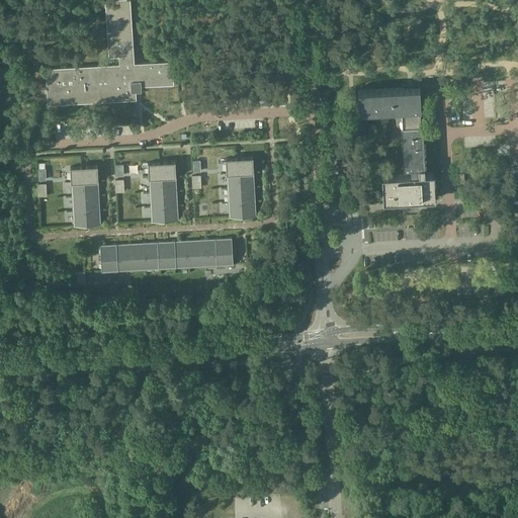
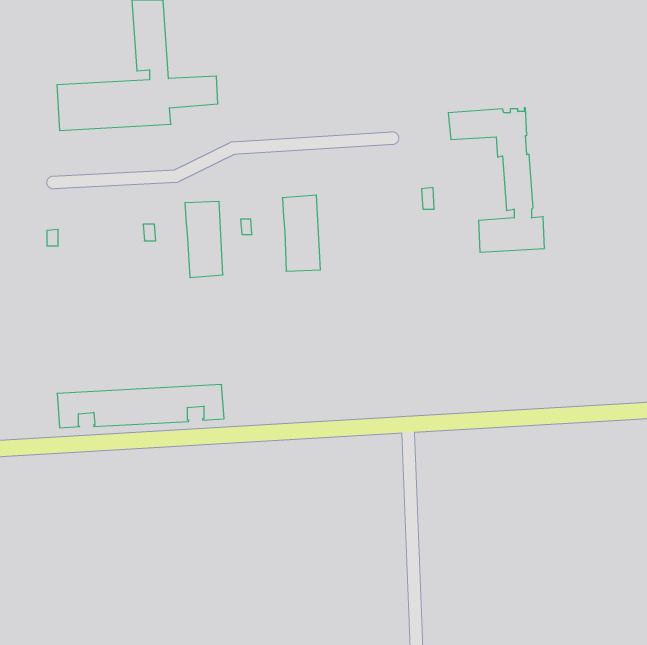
building: [71,167,101,228] -> none
building: [100,239,234,273] -> [57,385,224,428]

